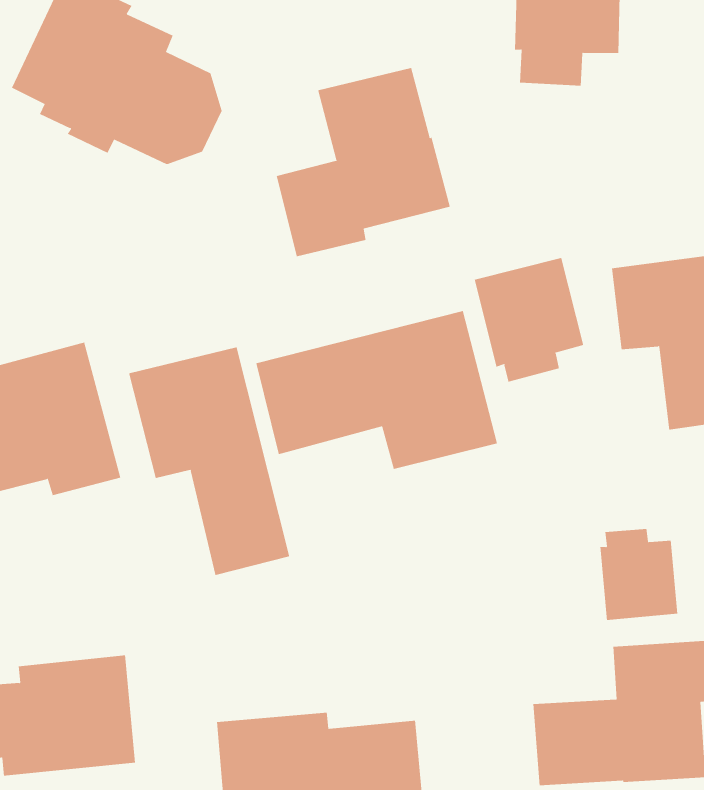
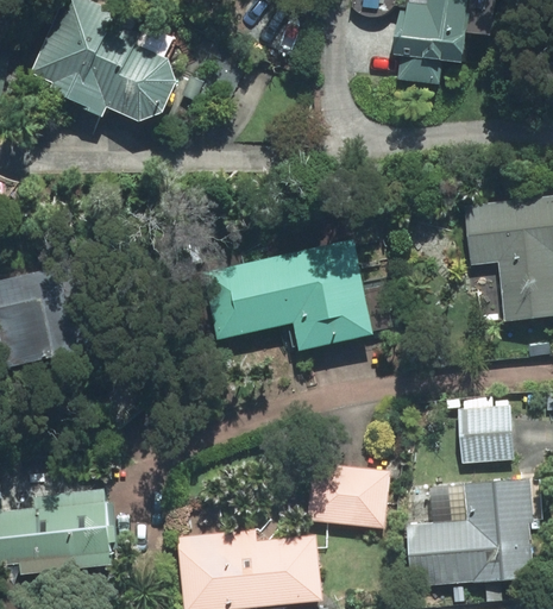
building: [276,67,451,257] -> none
building: [474,257,584,383] -> none
building: [129,346,290,576] -> none
building: none -> [314,464,392,527]

